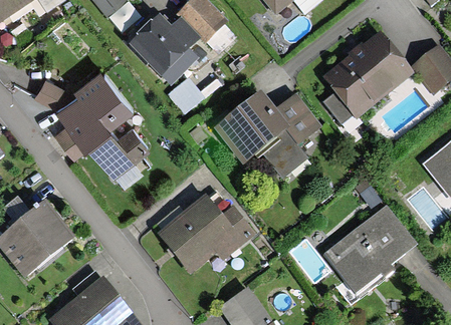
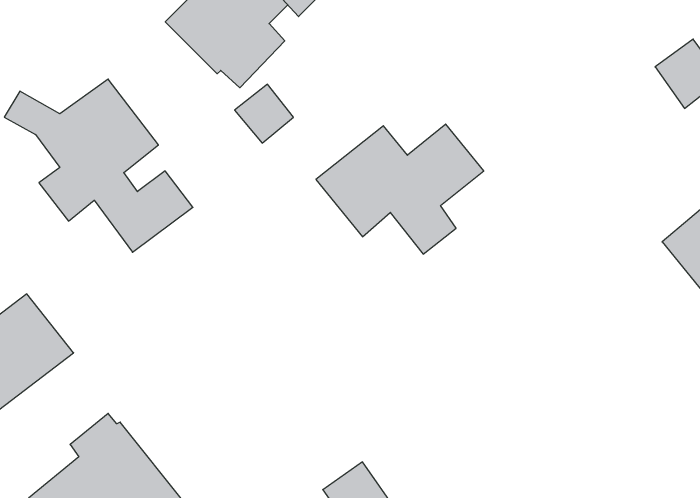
building: [324,41,406,117] -> none
building: [159,197,246,270] -> none
building: [322,210,415,297] -> none

